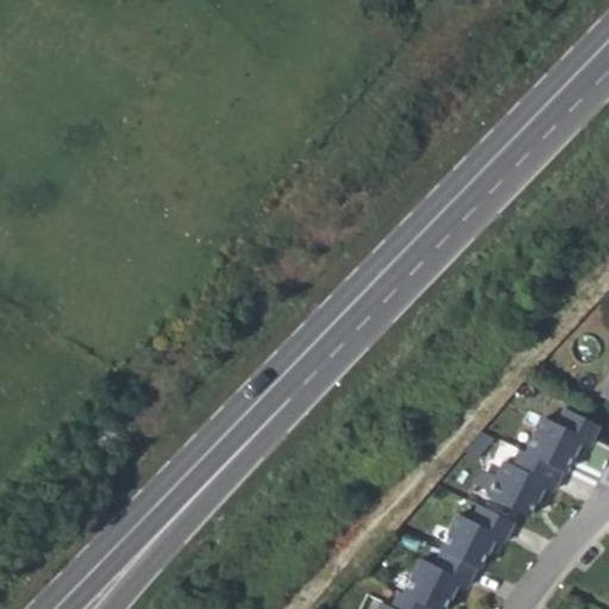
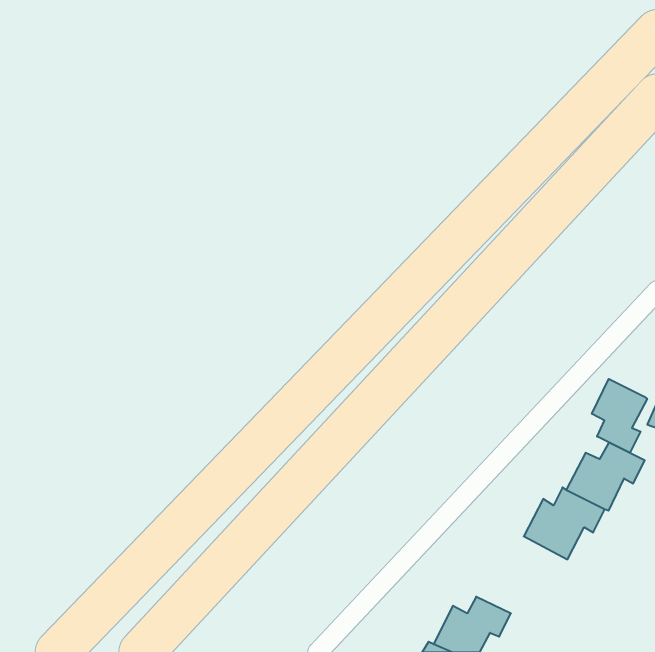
building: none -> [592,379,647,453]
building: [440,507,511,570] -> none

